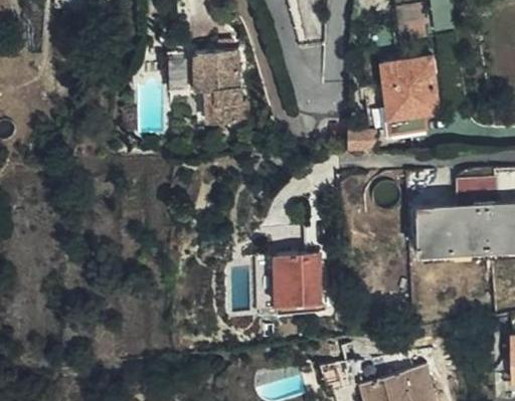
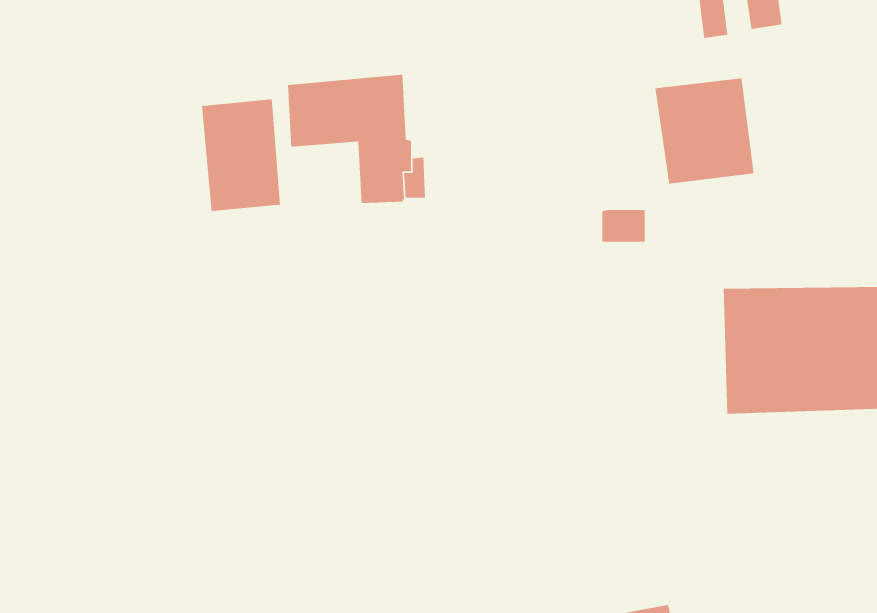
building: none -> [201,98,281,212]
building: [260,257,305,309] -> none

